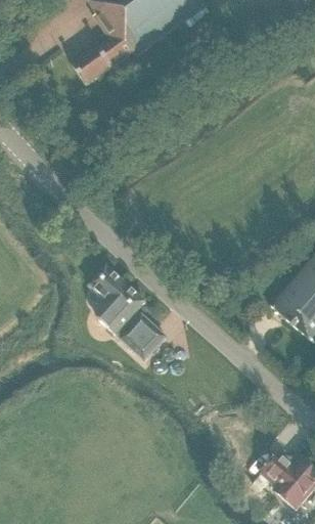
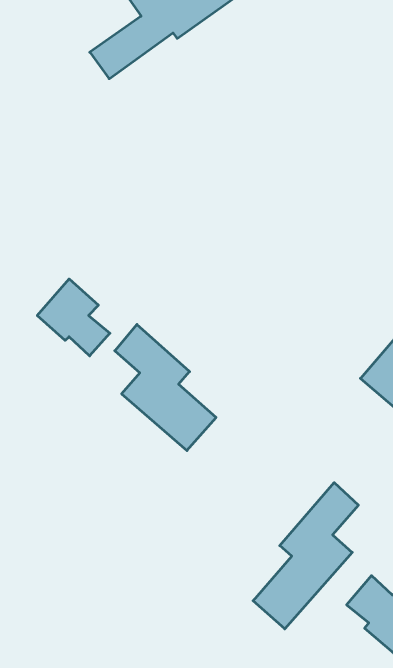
building: none -> [37,279,110,356]
building: none -> [253,483,358,629]

